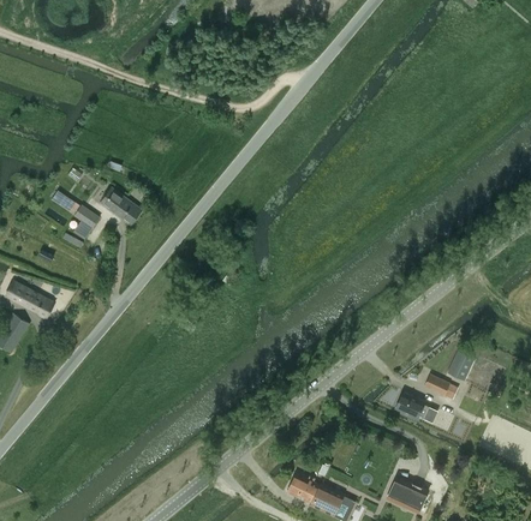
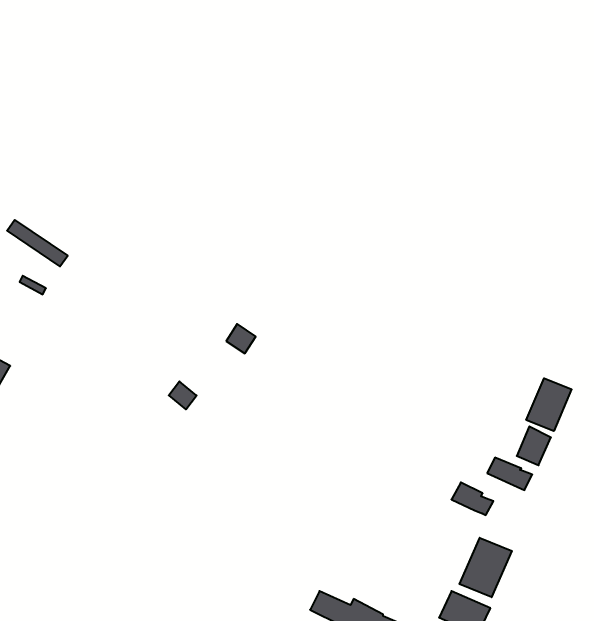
building: [101,188,142,226] -> none
building: none -> [526,378,572,431]
building: none -> [459,538,512,597]

